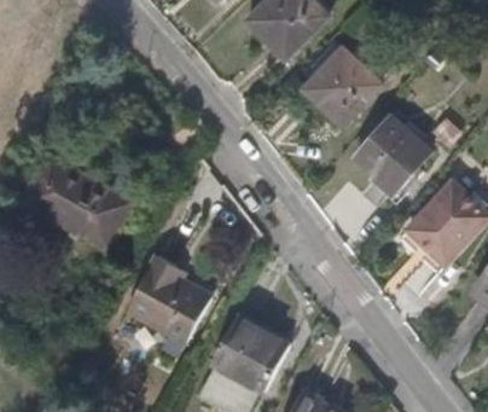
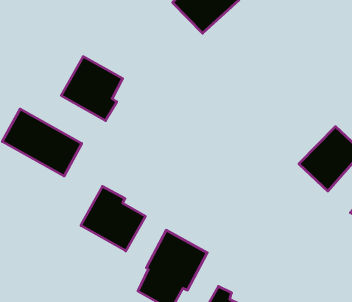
building: [302,45,384,126] -> none
building: none -> [61,57,123,121]
building: [354,115,431,191] -> none

